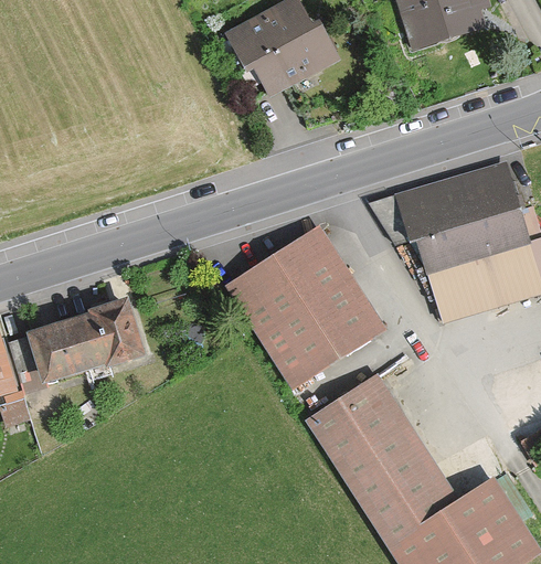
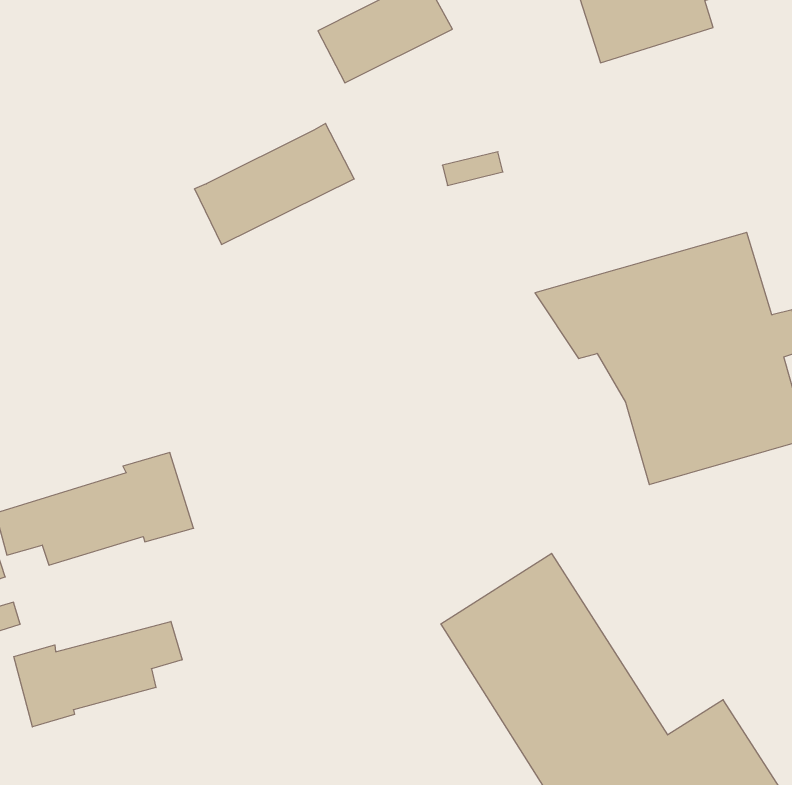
building: [235,23,340,103] -> [194,123,354,244]
building: [225,223,384,385] -> none
building: none -> [14,621,182,727]

